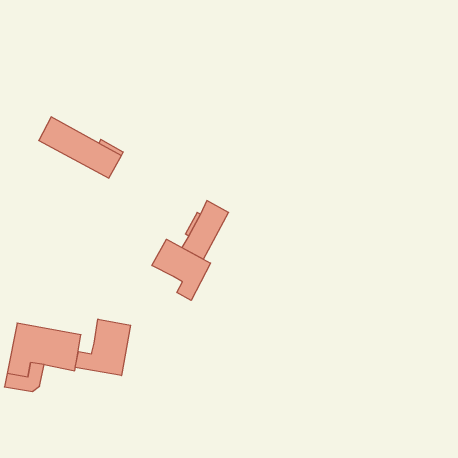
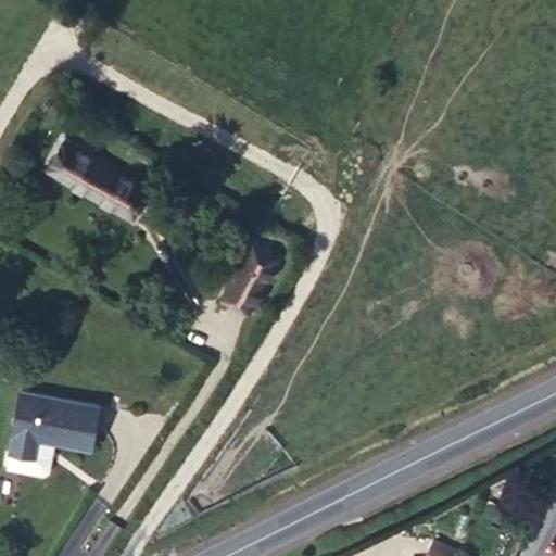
building: [152,239,211,300] -> none
building: [75,319,131,376] -> none

